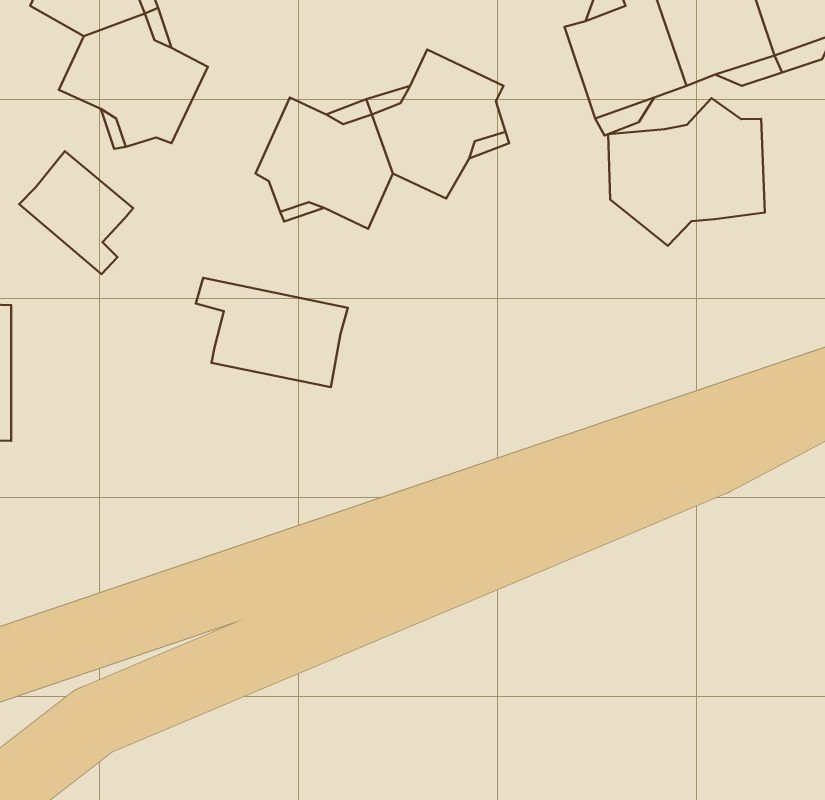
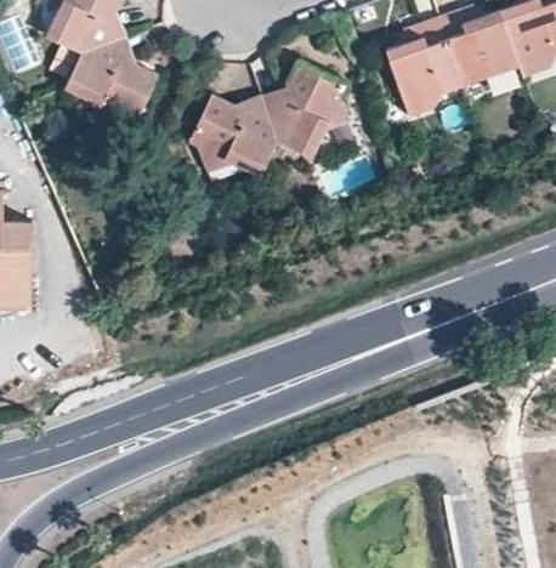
building: [608,98,765,246] -> none
building: [19,151,133,274] -> none
building: [196,278,348,387] -> none

